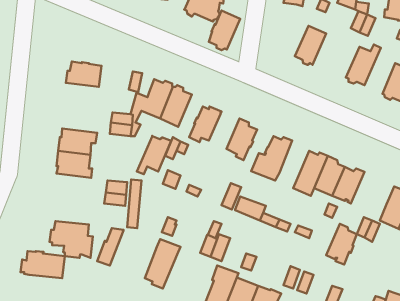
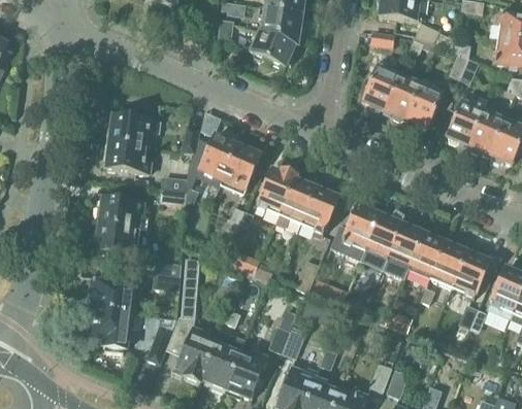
building: [209,10,240,50] -> [362,62,400,110]
building: none -> [405,81,444,130]
building: none -> [468,99,505,155]
building: none -> [104,141,151,174]
building: [137,136,171,174] -> [275,178,317,225]
building: none -> [360,211,401,269]
building: [326,224,357,265] -> [452,249,489,299]
building: none -> [175,328,217,383]
building: [21,251,65,278] -> [84,280,137,313]
building: none -> [224,349,267,399]

